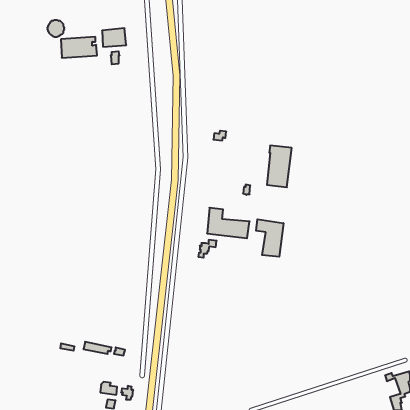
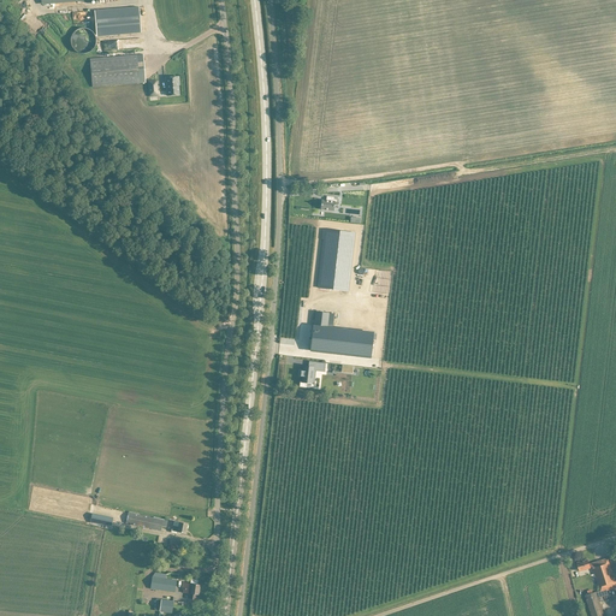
building: [102,28,126,47] -> [106,6,142,34]
building: [267,146,292,187] -> [318,229,355,291]
building: [256,219,283,257] -> none

